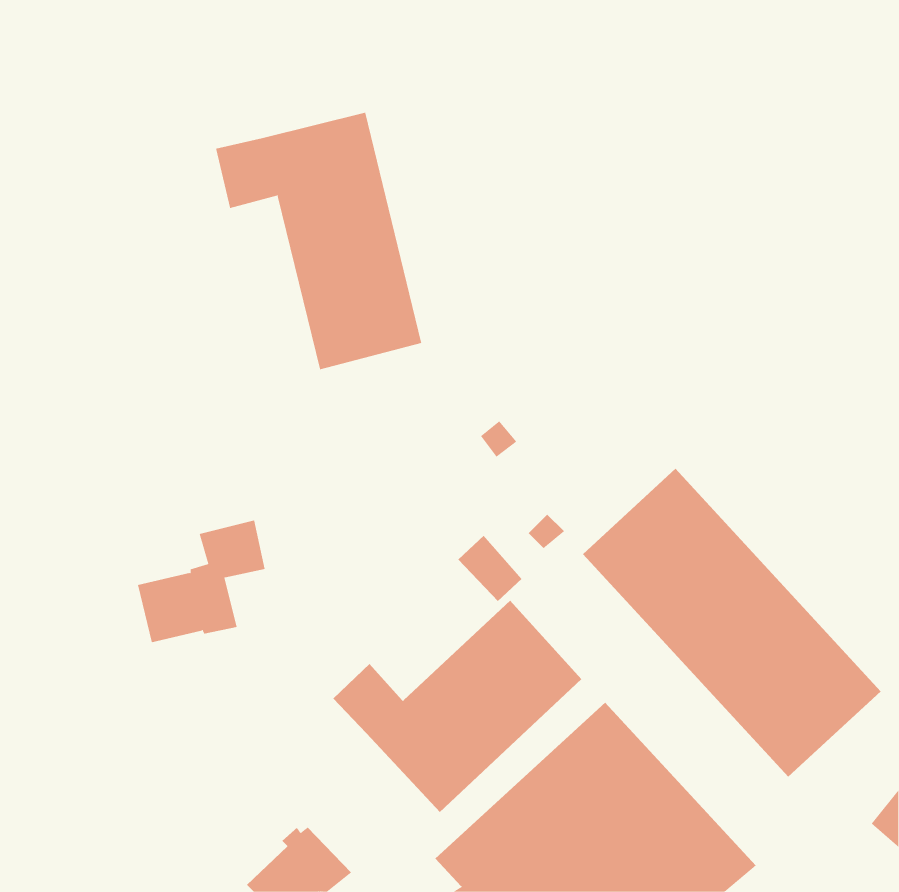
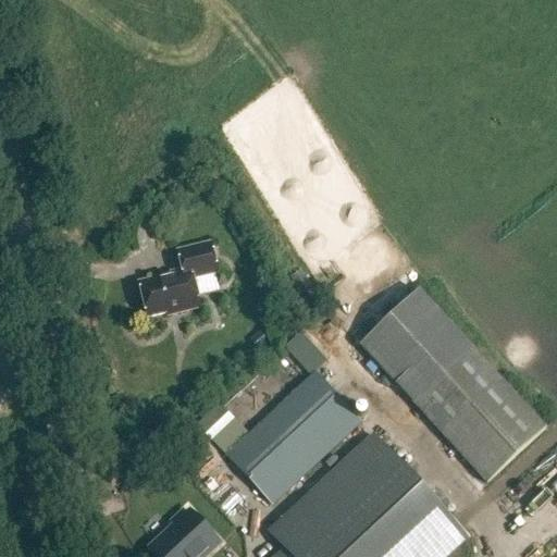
building: [216,112,422,370] -> none
building: [137,520,266,643] -> [138,239,218,315]

